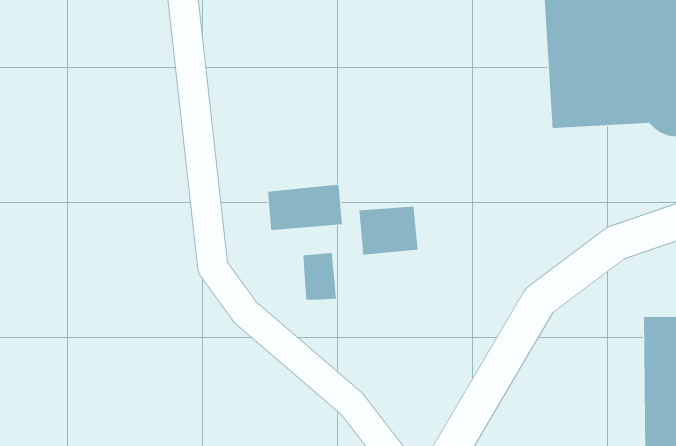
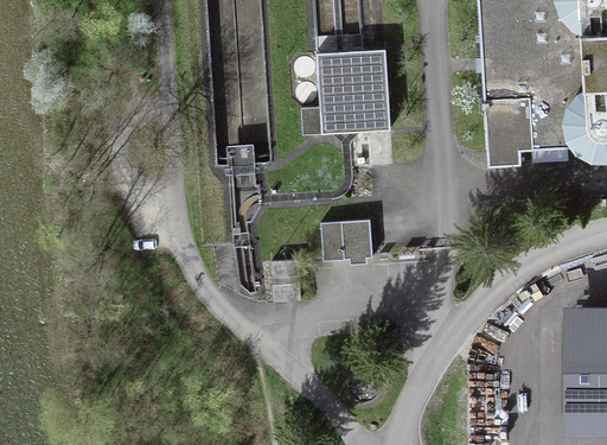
building: none -> [301,50,390,135]
building: [268,184,343,231] -> none

